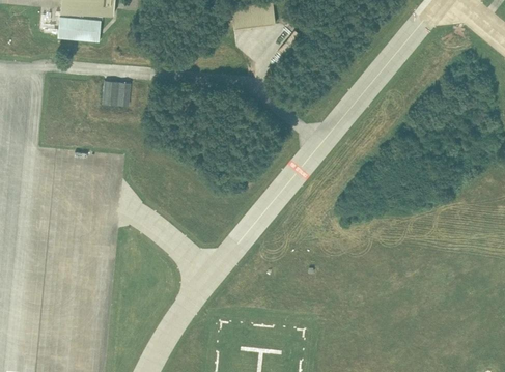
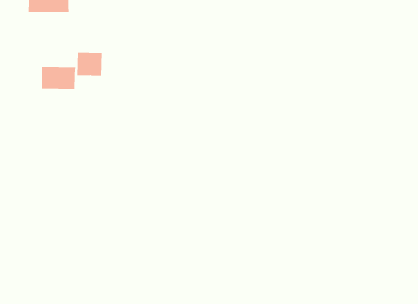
building: none -> [41,66,76,90]

